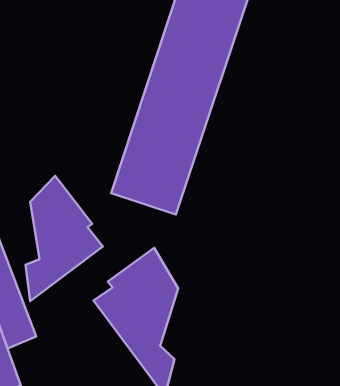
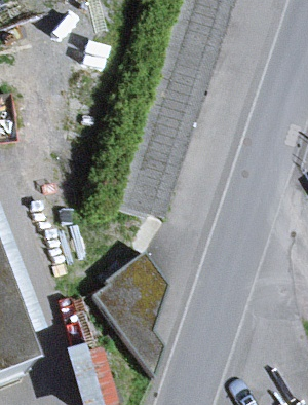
building: [26,176,103,301] -> none

